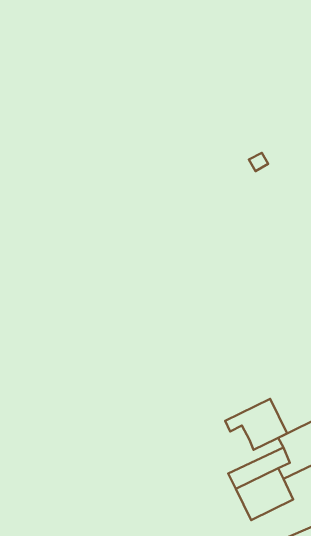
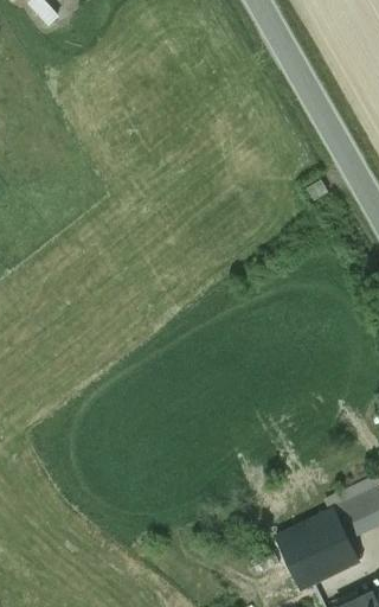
building: [225,399,287,450] -> none

